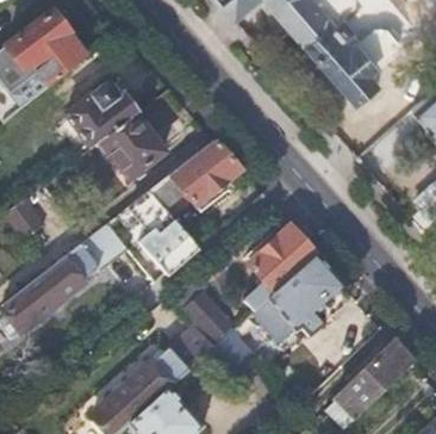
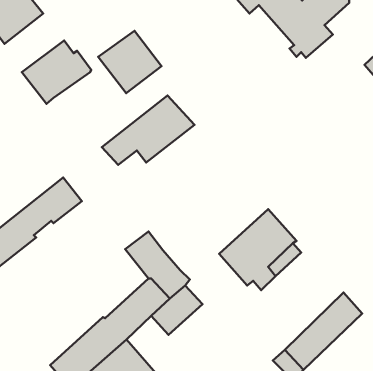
building: [98,117,162,180] -> [98,31,162,93]
building: [131,222,198,275] -> none
building: [244,227,316,312] -> none

